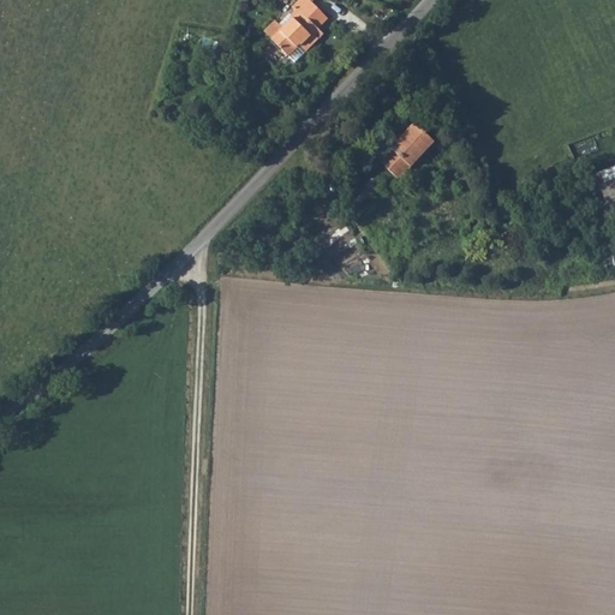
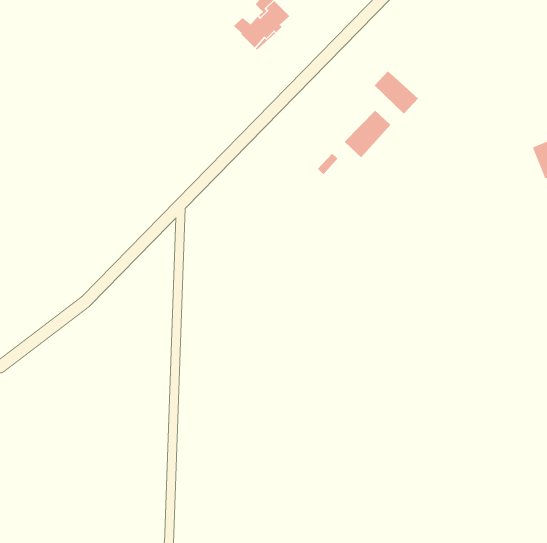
building: none -> [374,70,419,115]

